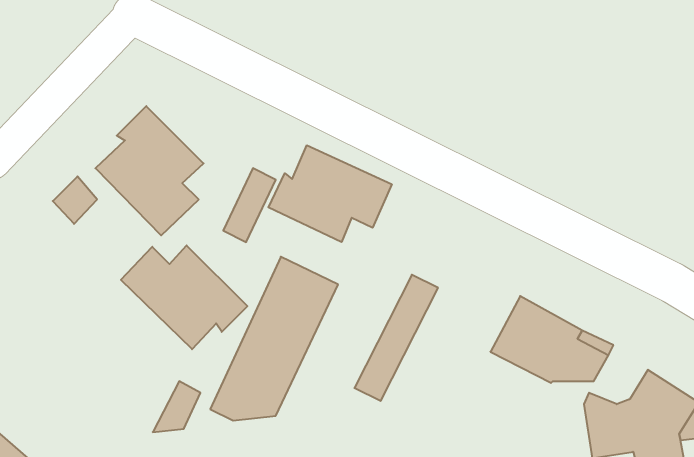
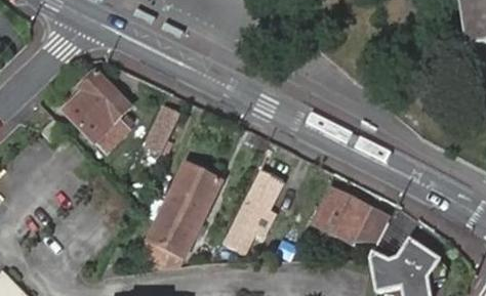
building: [268,145,392,242] -> none
building: [121,245,247,349] -> none

